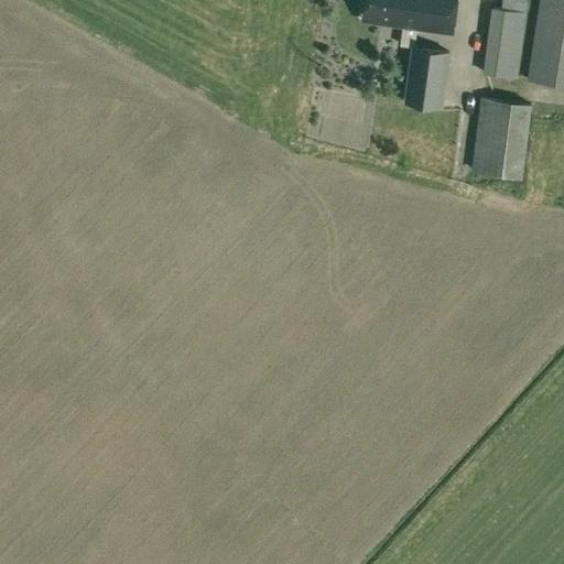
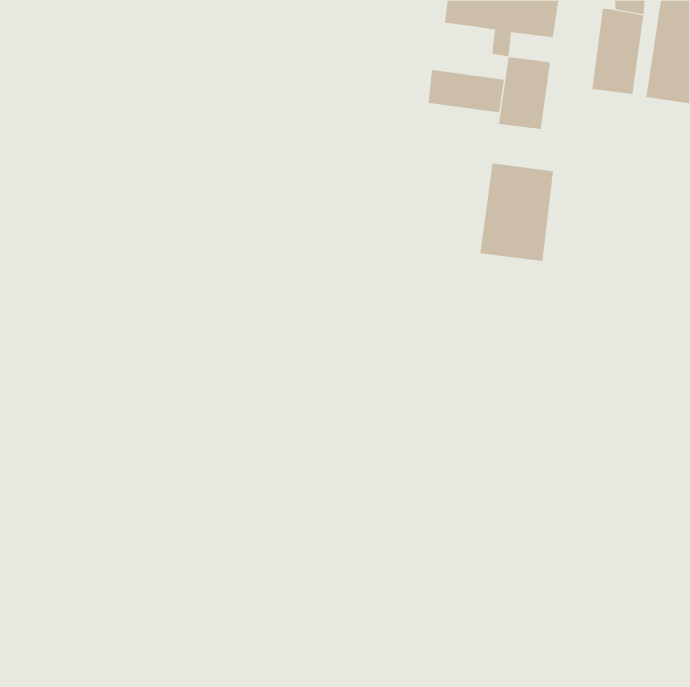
building: none -> [428,69,505,113]
building: [470,98,531,178] -> [480,163,554,261]

